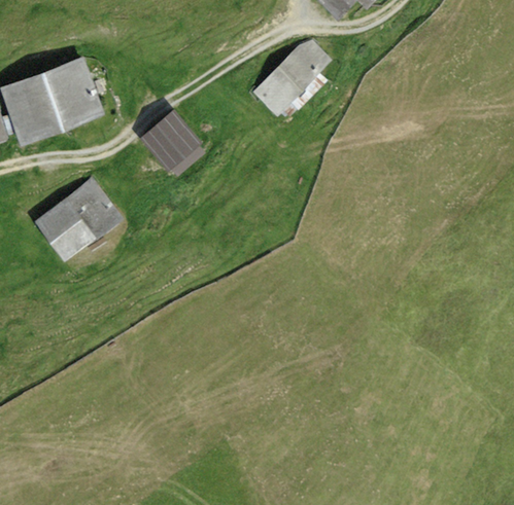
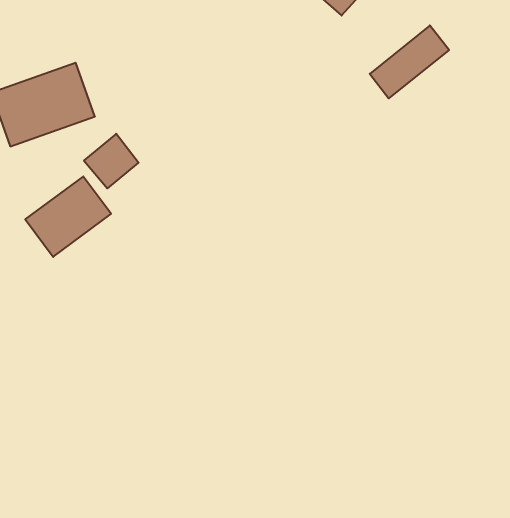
building: [256,45,333,115] -> [370,25,449,98]
building: [138,114,191,167] -> [84,134,139,188]

